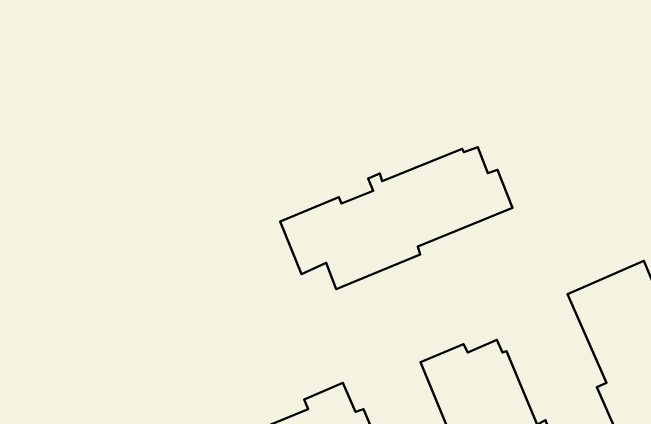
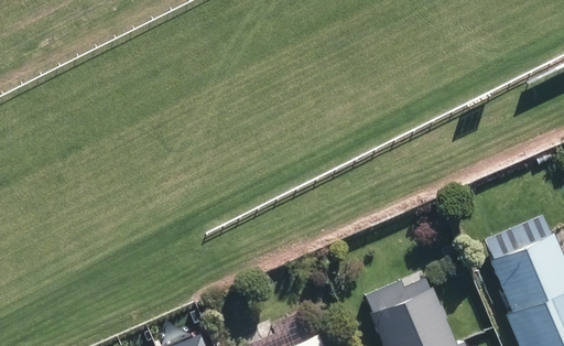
building: [280,147,513,289] -> none

